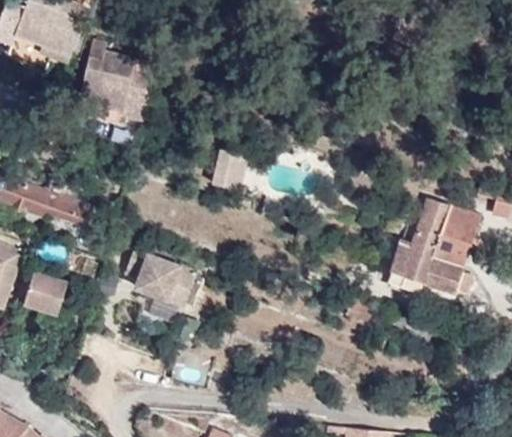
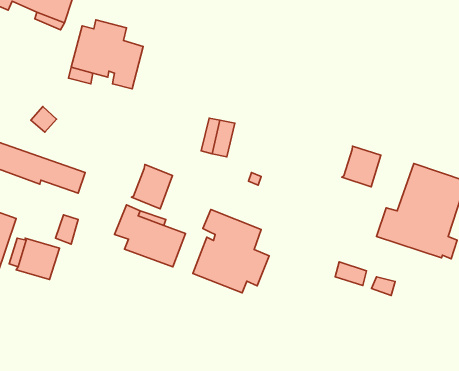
building: none -> [342,146,381,187]
building: none -> [132,165,173,209]
building: none -> [193,209,269,293]

